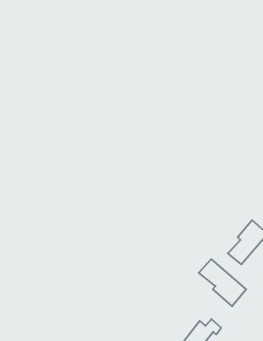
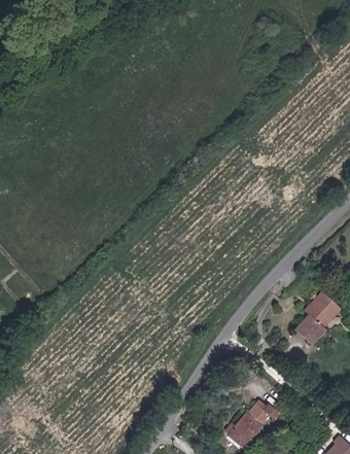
building: [199,259,246,306] -> none

